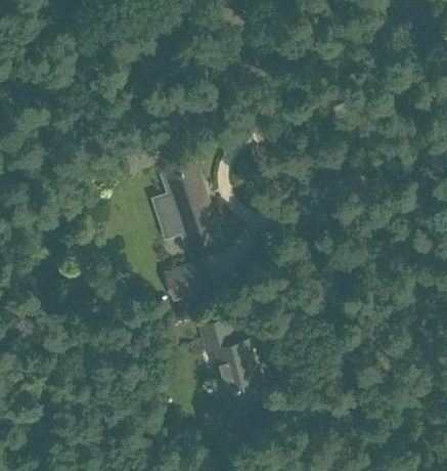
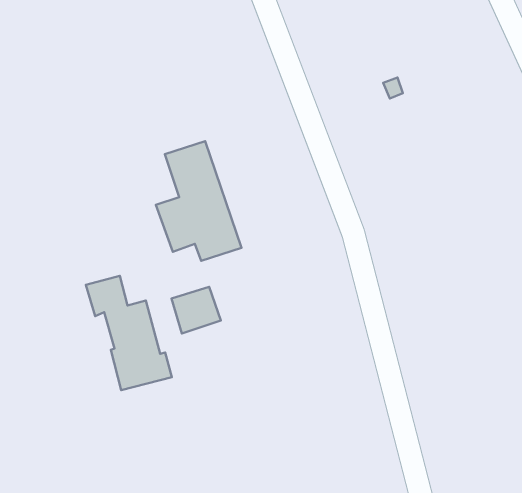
building: [200,317,268,408] -> [86,276,172,390]

